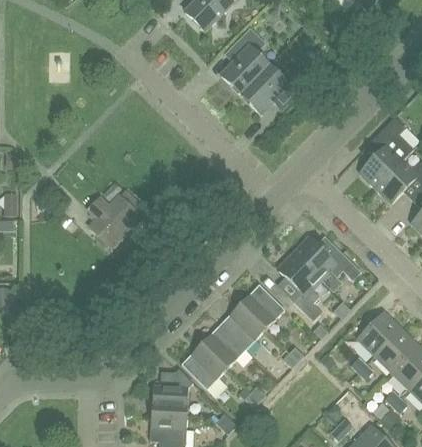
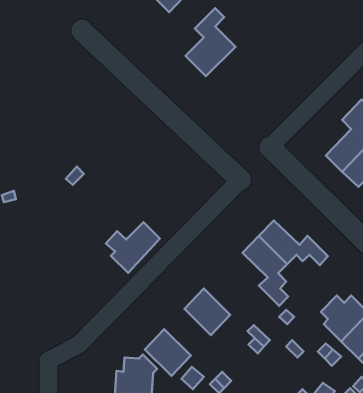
building: [241,66,307,114] -> none
building: [89,189,142,239] -> [106,222,160,273]
building: [239,284,285,330] -> none
building: [200,324,246,370] -> none

